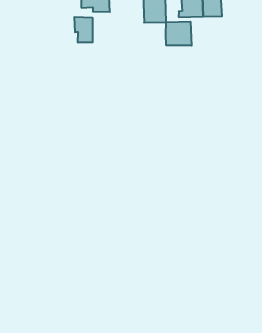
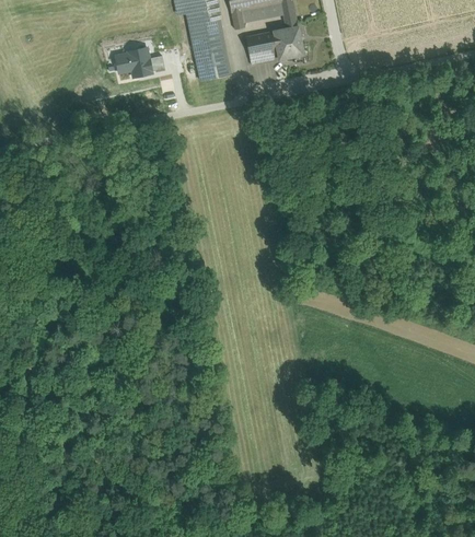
building: [74,17,93,43] -> none
building: [166,22,192,46] -> none

